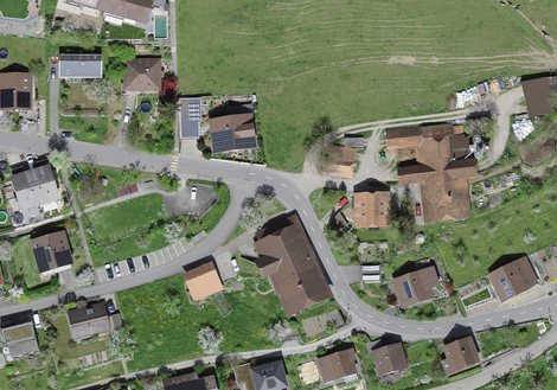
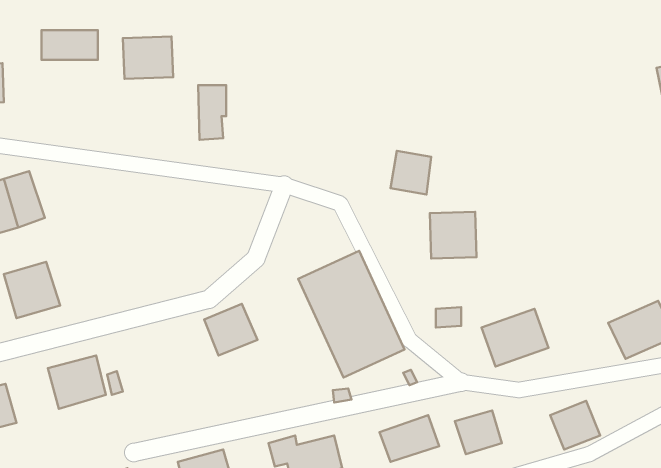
building: [207,114,256,155] -> none
building: [384,122,481,224] -> none

